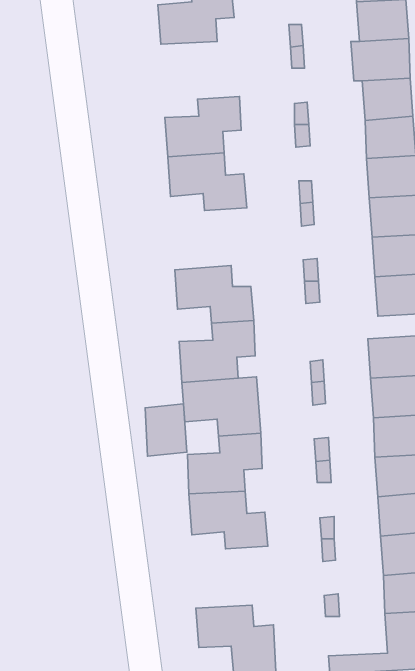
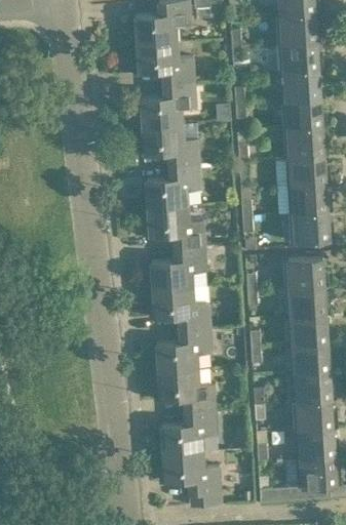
building: none -> [138,42,195,84]
building: none -> [146,163,201,208]
building: [145,404,187,456] -> none
building: none -> [161,409,219,454]

